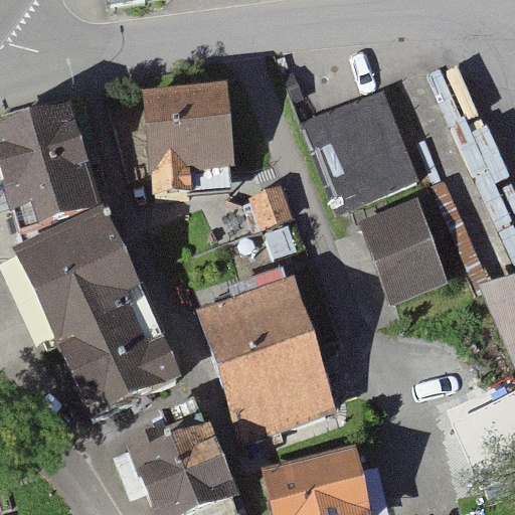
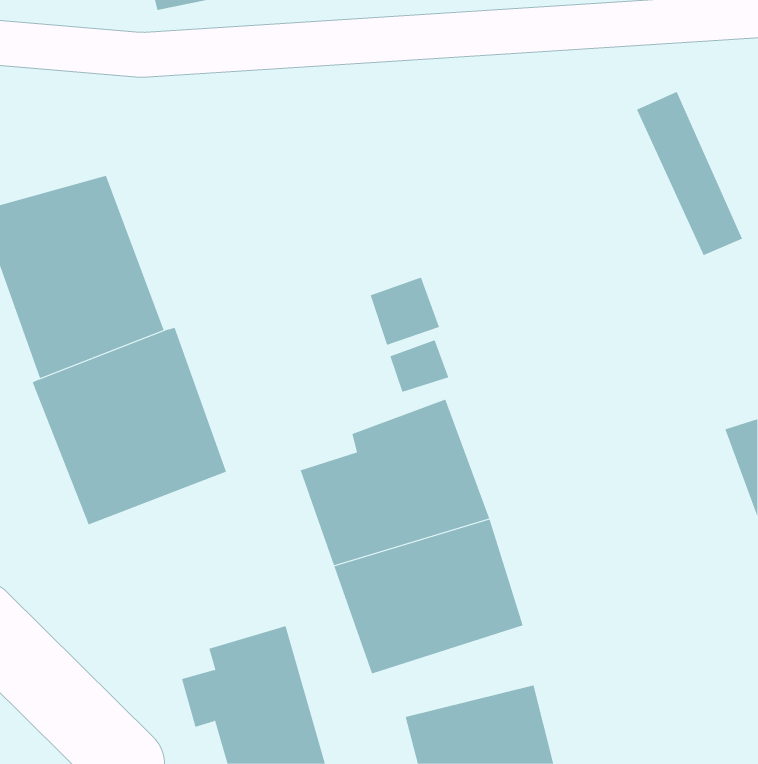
building: [295,83,417,207] -> none
building: [143,88,231,197] -> none
building: [362,199,446,297] -> none
building: [58,312,179,422] -> none

